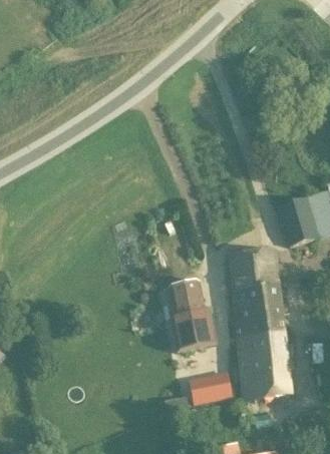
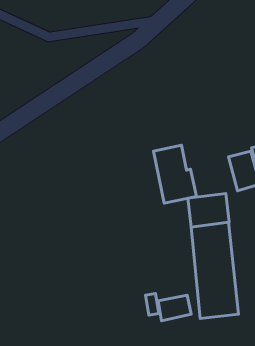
building: [164,281,217,351] -> [153,145,196,203]

